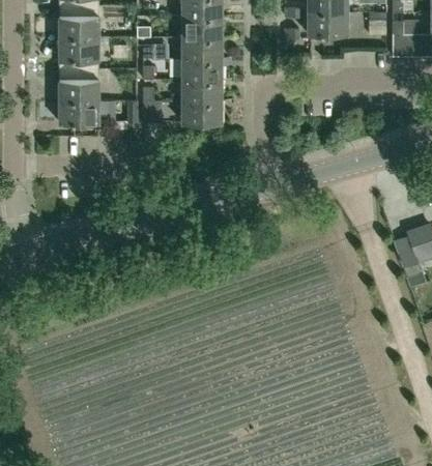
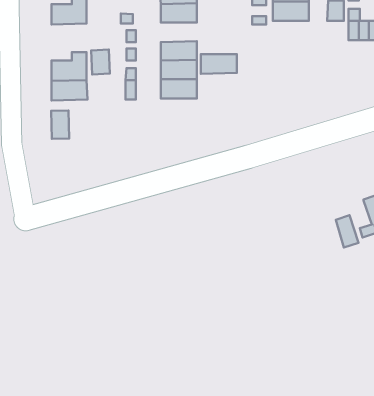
building: [181,36,222,58] -> [201,54,237,74]
building: [59,37,98,69] -> none
building: none -> [51,110,69,139]
building: none -> [336,215,358,247]

